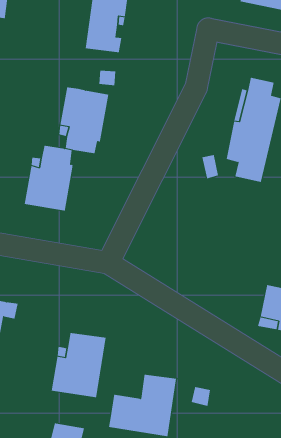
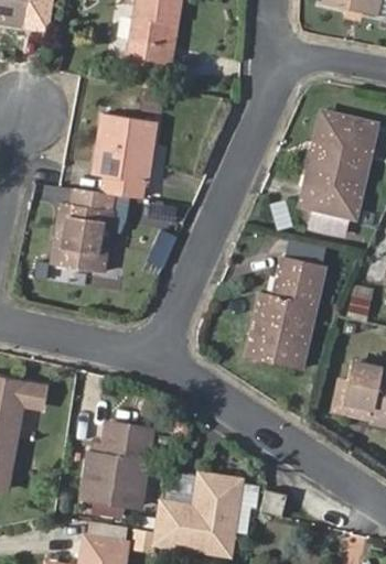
building: none -> [248,256,324,369]

